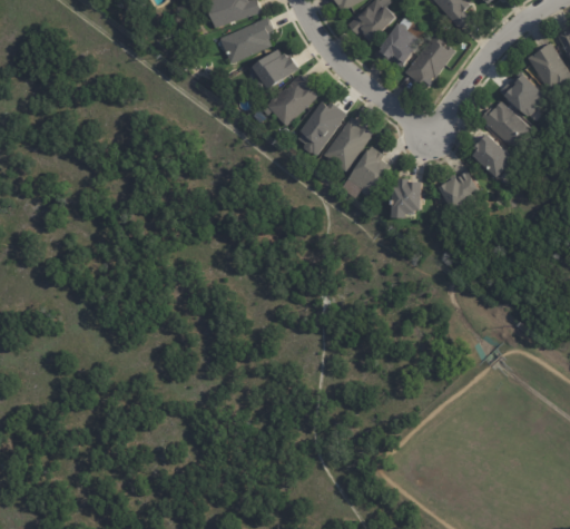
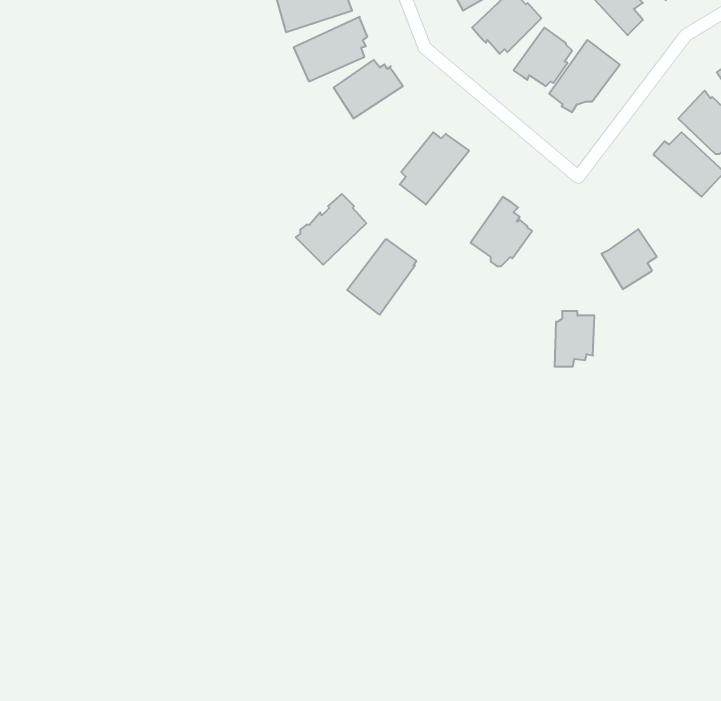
building: [265,75,316,126] -> [296,194,366,265]
building: [321,118,371,173] -> [347,239,416,315]
building: [472,135,513,178] -> none
building: [394,180,423,221] -> [554,311,594,366]

